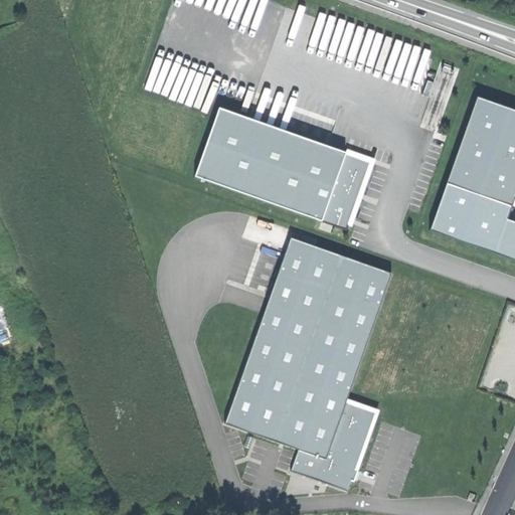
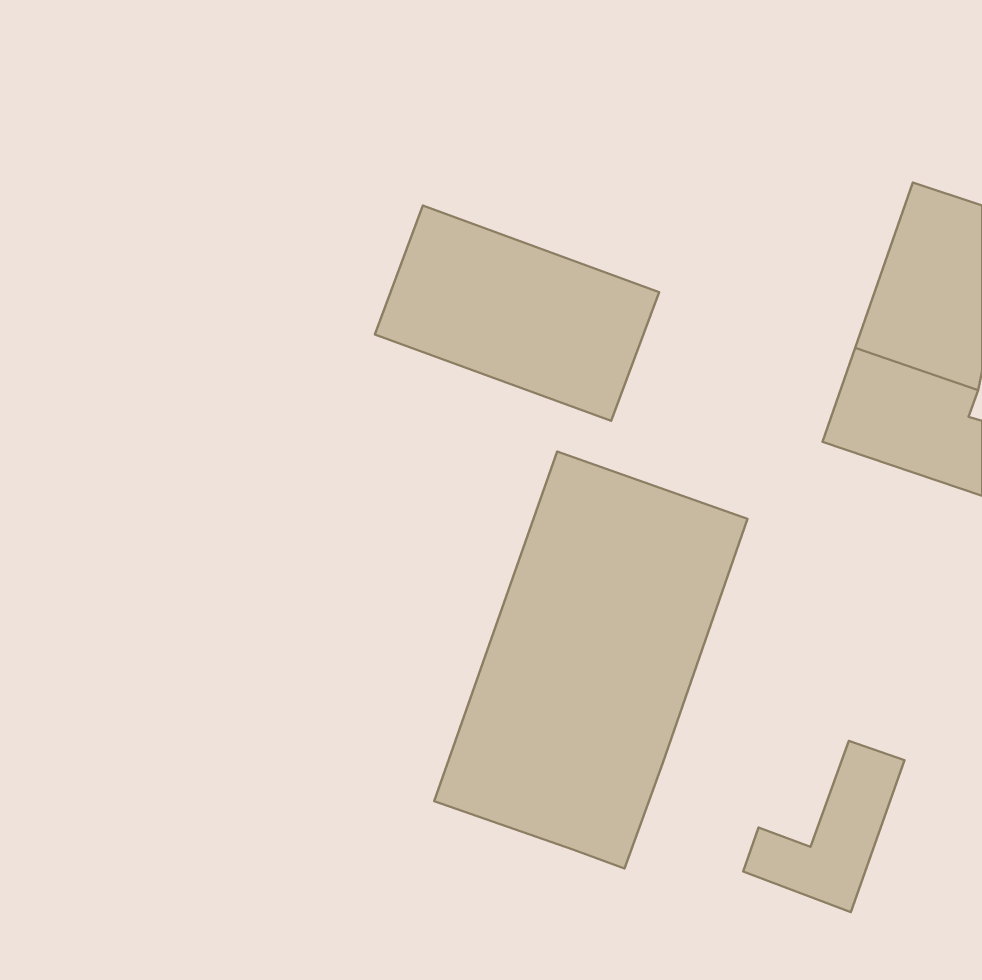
building: [320,153,369,229] -> none
building: [292,399,376,489] -> [743,741,905,912]

